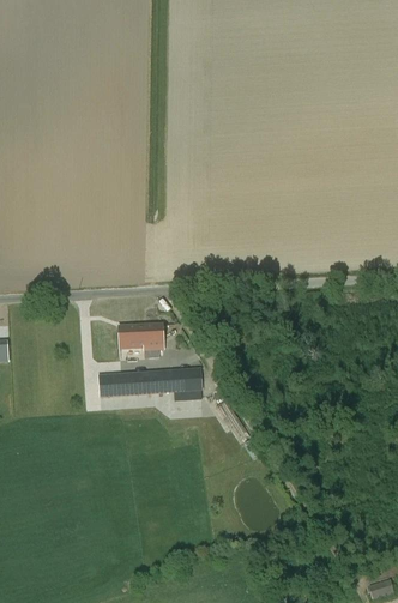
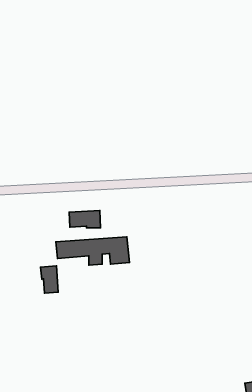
building: none -> [40,266,58,293]

